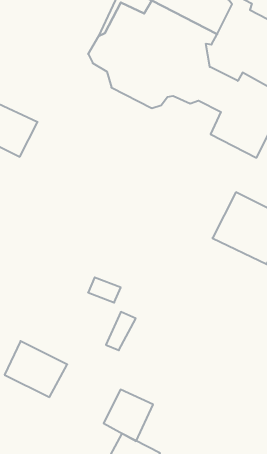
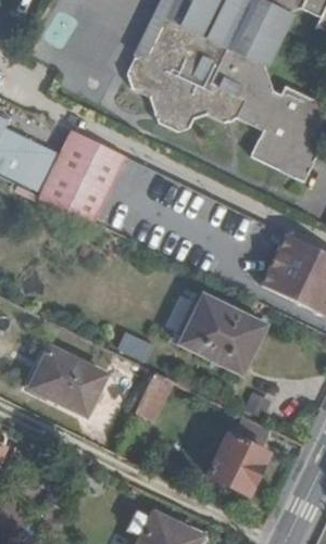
building: none -> [38,128,123,220]
building: none -> [178,294,263,374]
building: [5,341,67,397] -> [33,345,105,410]
building: [104,390,153,441] -> [209,434,266,494]

